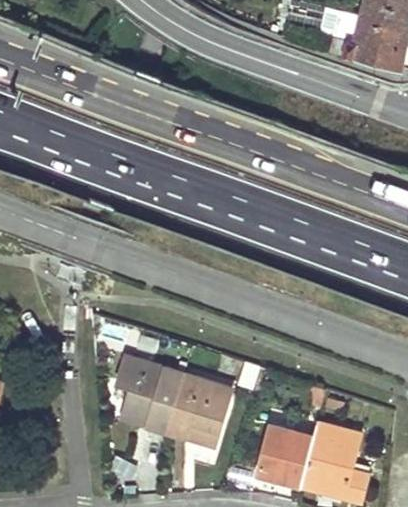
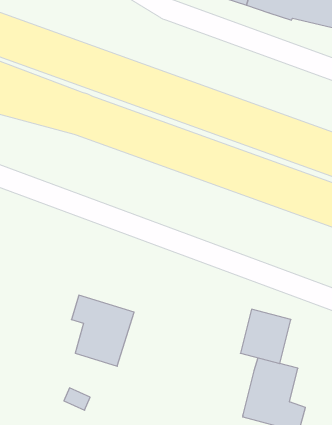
building: [167,374,231,447] -> none
building: [259,426,313,484] -> [240,309,291,364]

